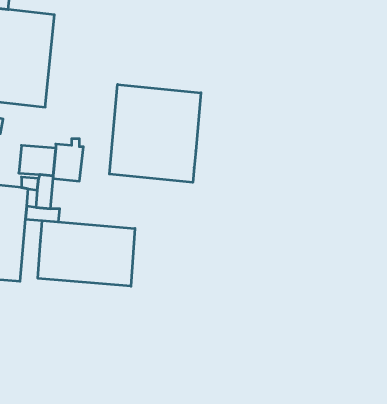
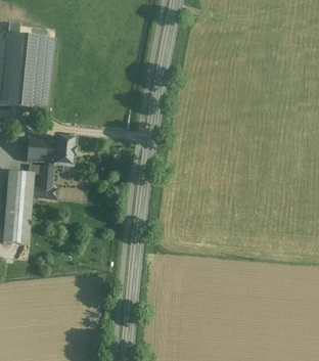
building: [109,84,201,182] -> none
building: [38,221,135,286] -> none

